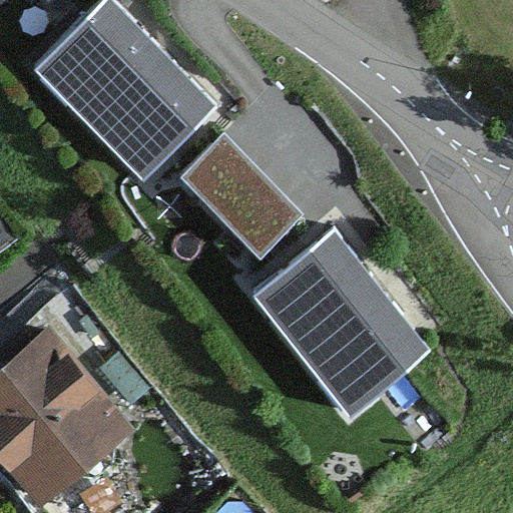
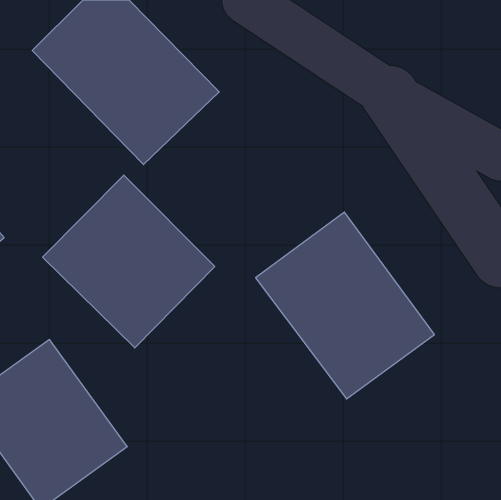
building: [182,135,300,251] -> none
building: none -> [43,175,215,348]

